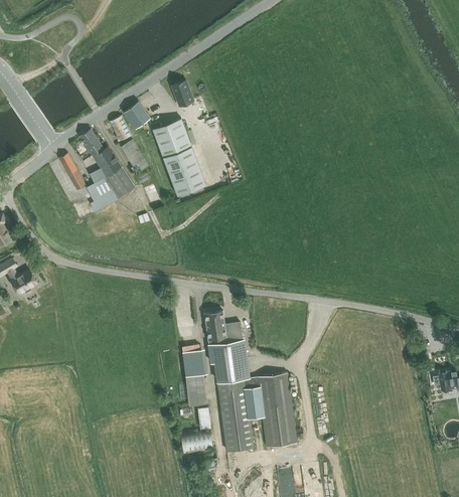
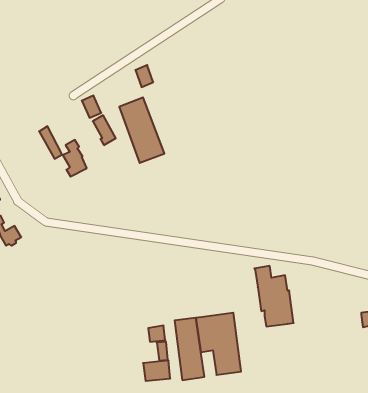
building: [123,101,150,128] -> none
building: [79,129,134,199] -> none
building: [203,310,250,381] -> [254,266,294,326]
building: [182,347,204,390] -> none

